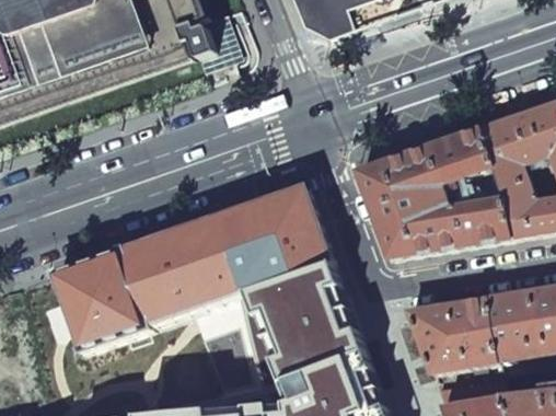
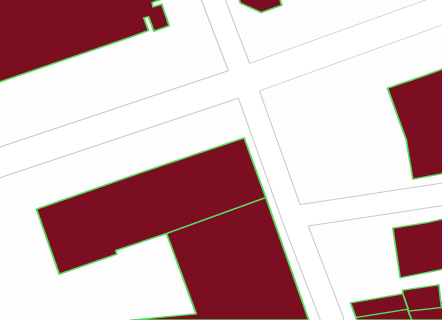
building: [356,128,510,258] -> none
building: [406,298,496,374] -> none

